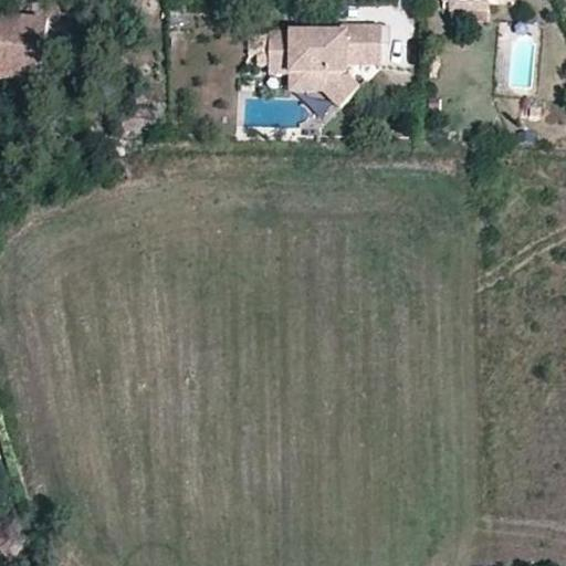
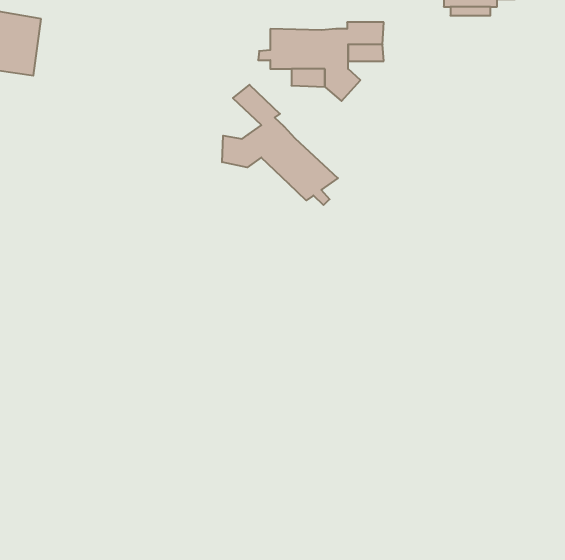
building: none -> [222,85,338,205]

